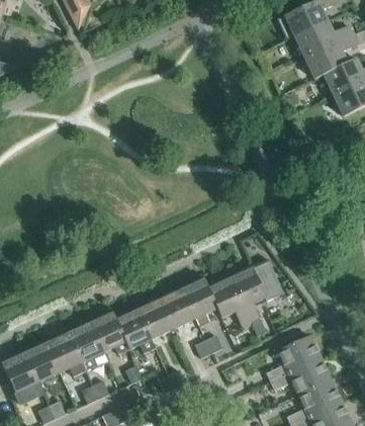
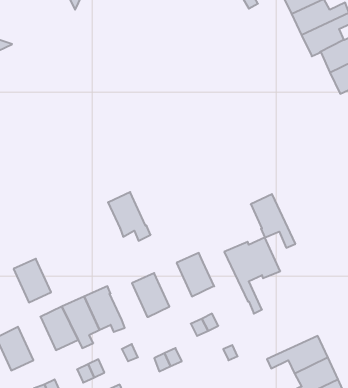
building: [207,274,252,328] -> [251,194,295,248]
building: [159,285,196,329] -> none
building: [114,306,157,354] -> [108,192,151,241]
building: [267,336,322,381] -> none
building: [23,339,61,382] -> [14,259,51,302]

